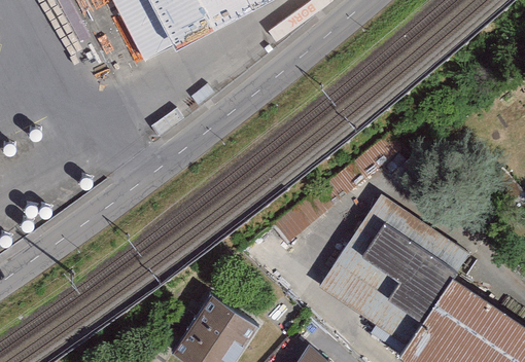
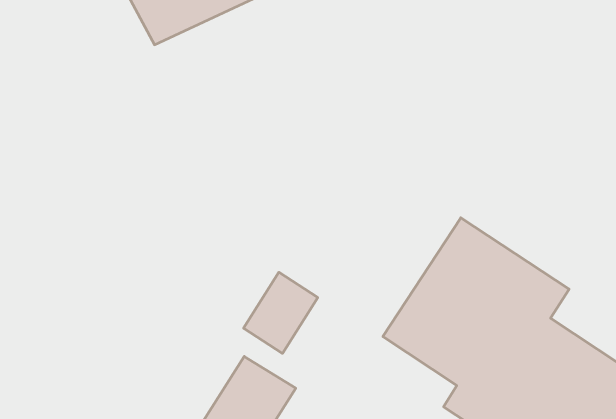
building: none -> [244,272,318,353]

